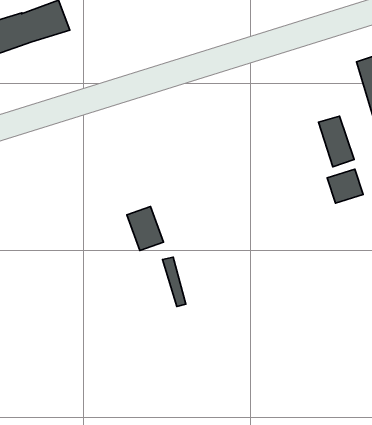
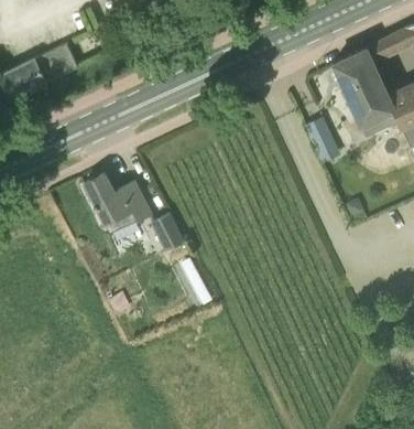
building: none -> [84,174,151,226]
building: [327,169,363,203] -> none

